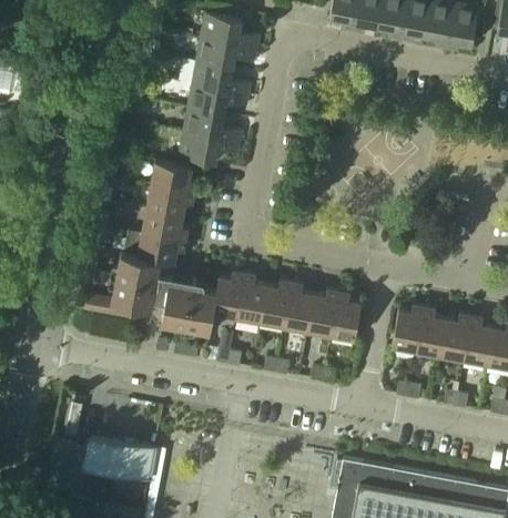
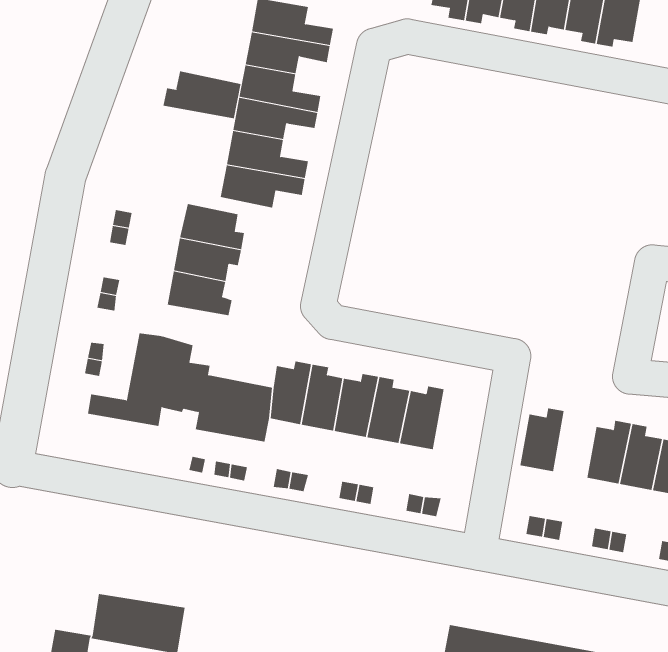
building: none -> [163,71,241,119]
building: [138,232,185,263] -> none
building: [331,292,362,339] -> none
building: [416,307,446,355] -> none

